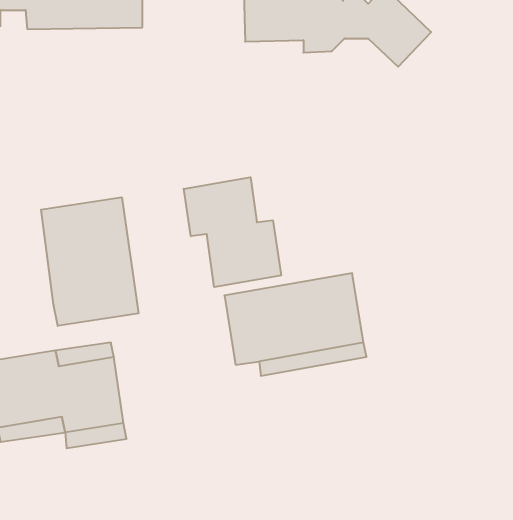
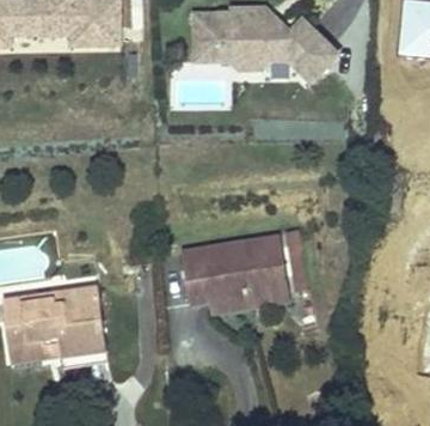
building: [184,177,281,287] -> none
building: [41,197,138,326] -> none

